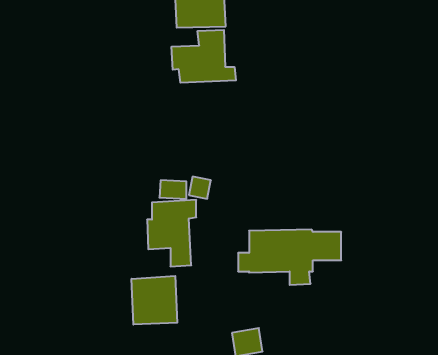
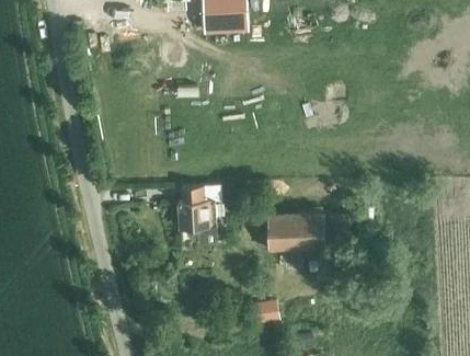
building: [172,30,236,83] -> none
building: [132,276,177,325] -> none

